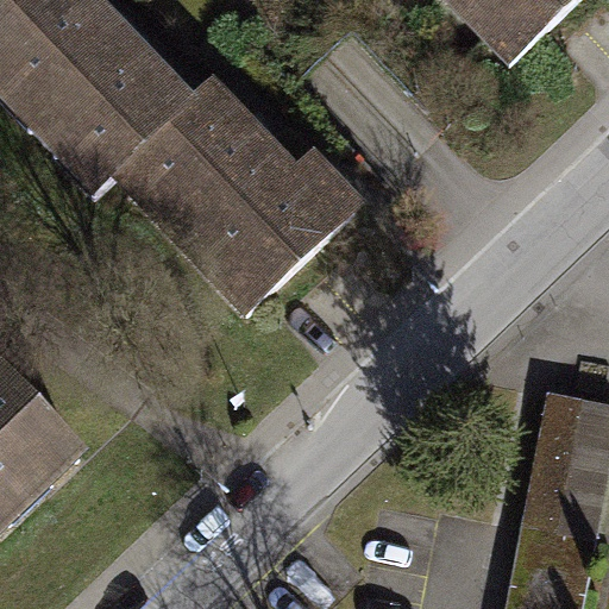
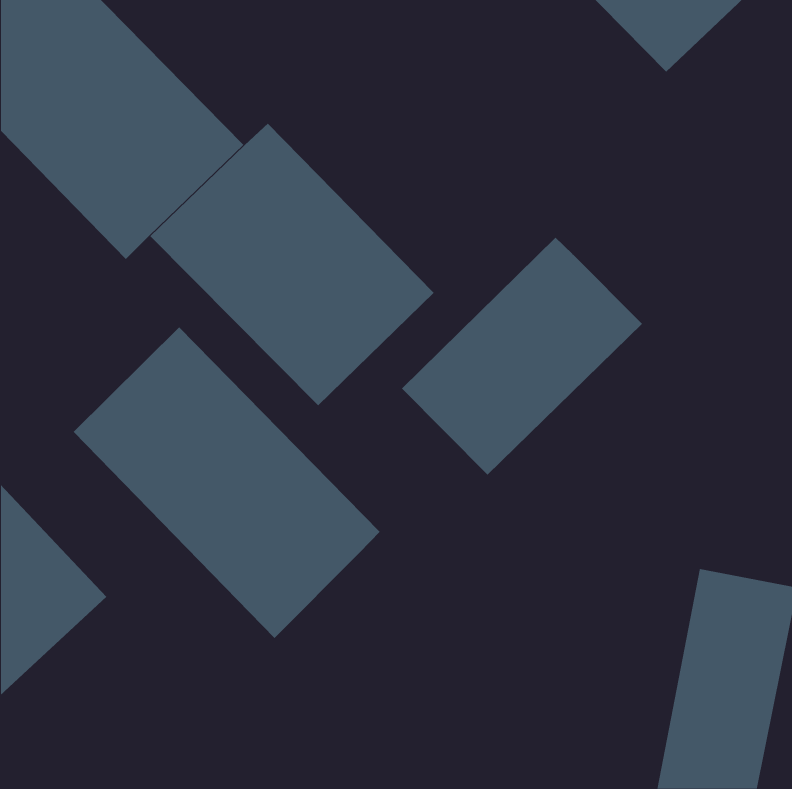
building: none -> [401,237,643,475]
building: none -> [73,326,381,639]

